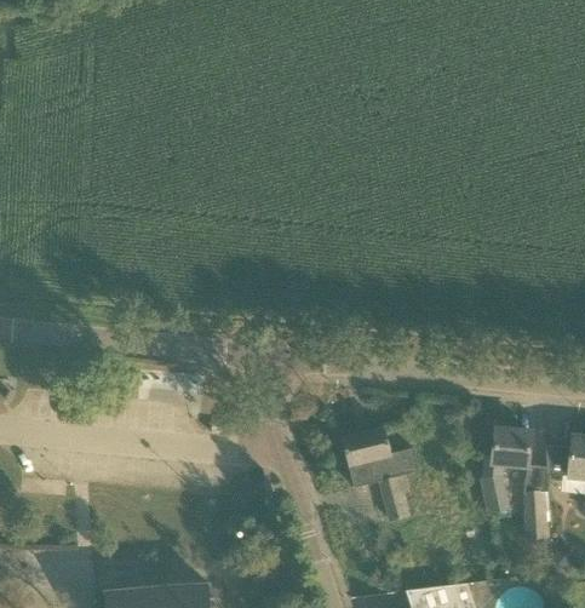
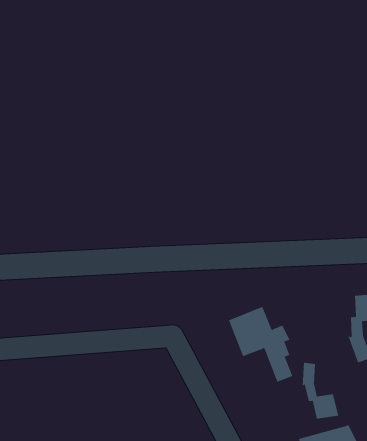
building: none -> [302,362,339,419]

